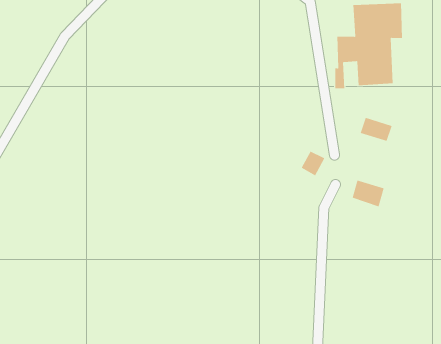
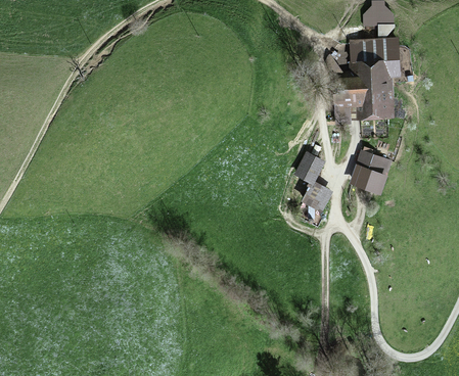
building: none -> [295,153,321,181]
building: [352,180,384,207] -> [354,166,385,192]

